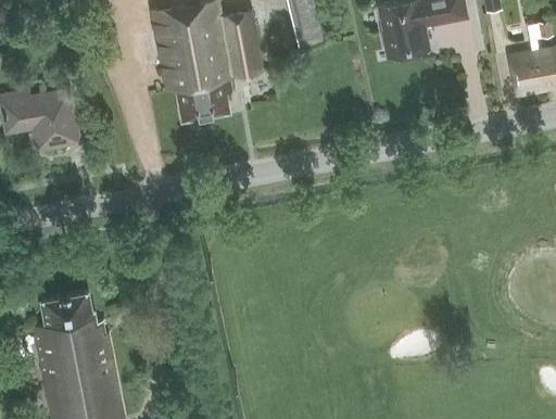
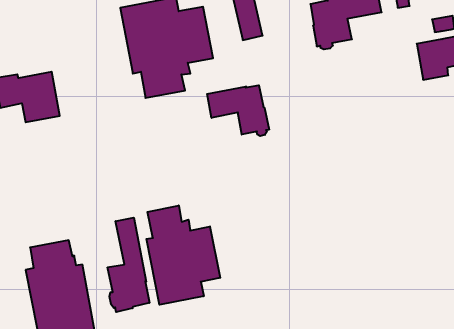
building: none -> [207,85,269,136]
building: none -> [146,205,220,305]
building: none -> [108,218,149,312]

